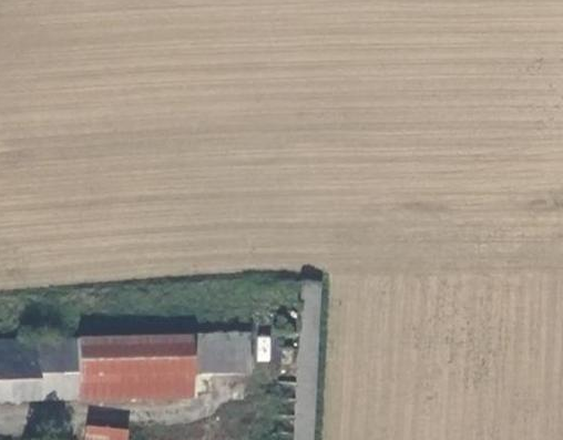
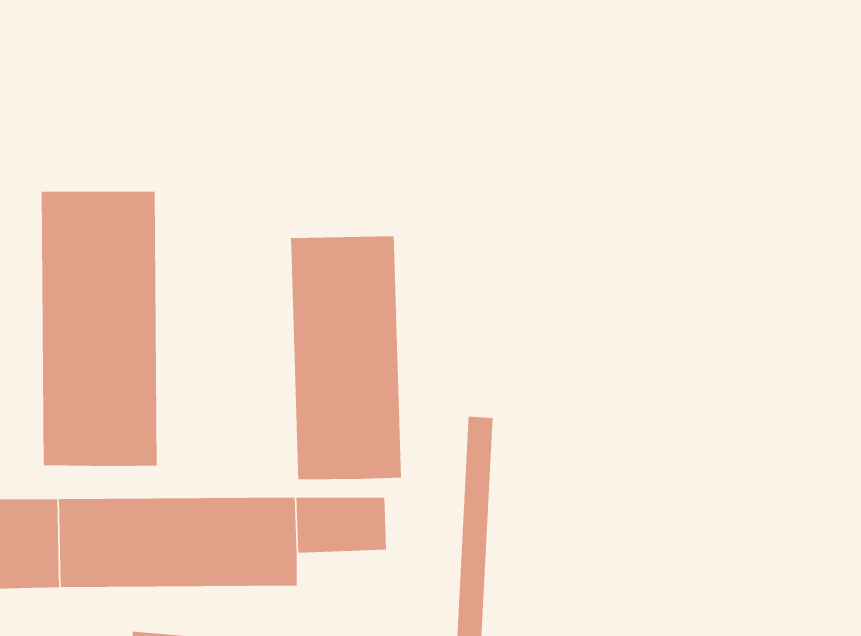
building: none -> [41,191,158,467]
building: none -> [290,235,402,480]

